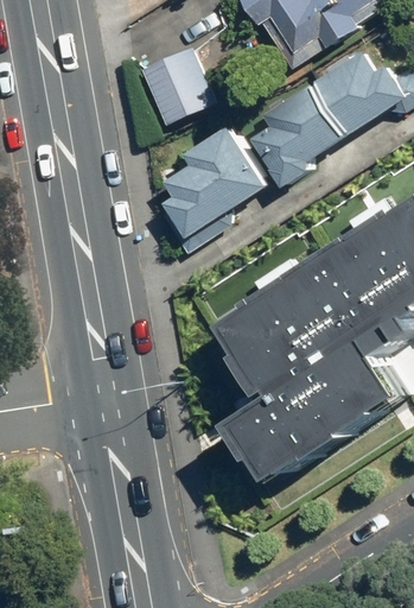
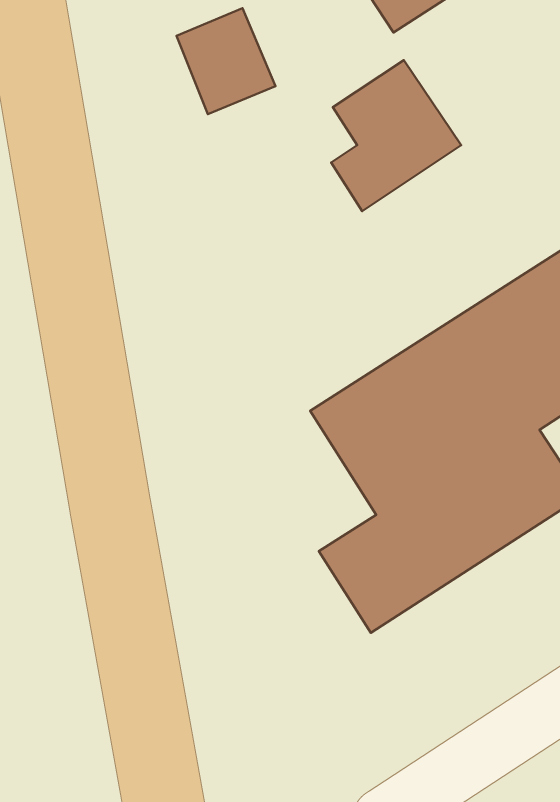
building: [314,51,391,134] -> none
building: [158,134,253,240] -> none

